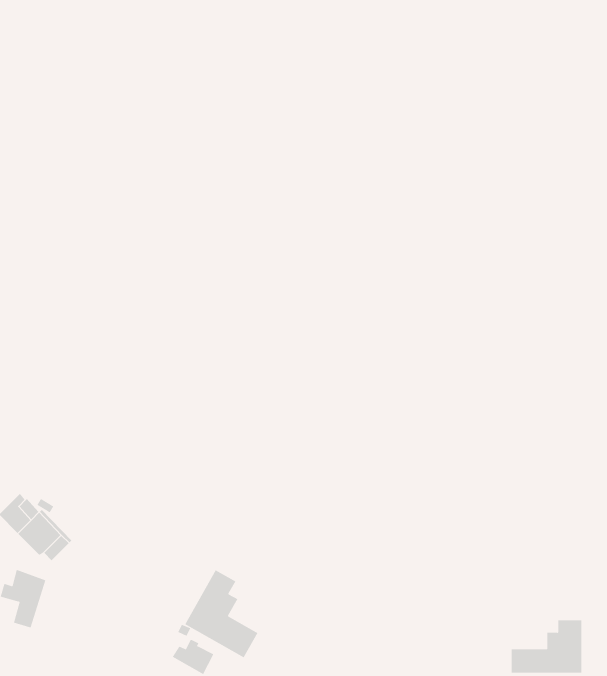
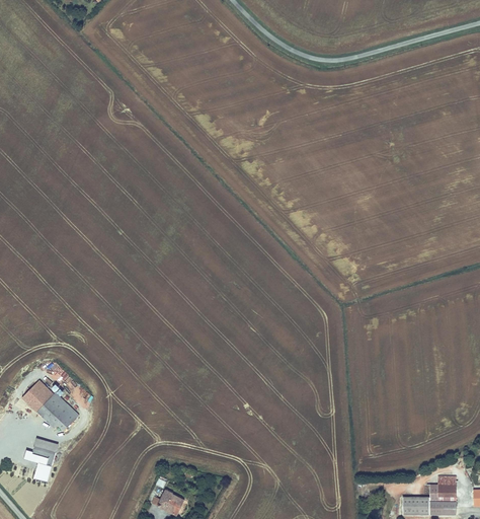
building: [184,569,258,658] -> none

